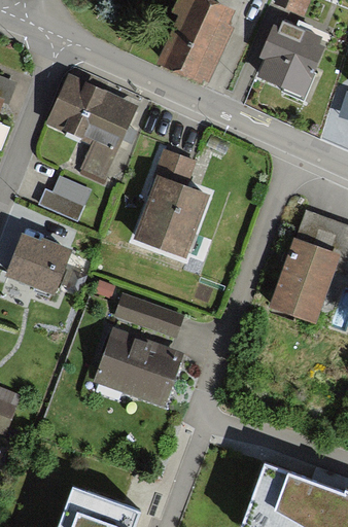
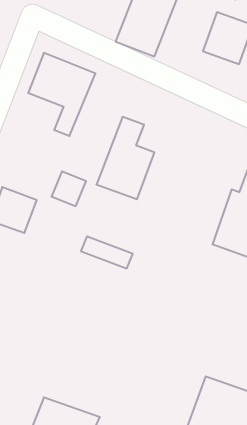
building: [46,178,88,219] -> [51,171,86,206]
building: [99,332,177,401] -> none

